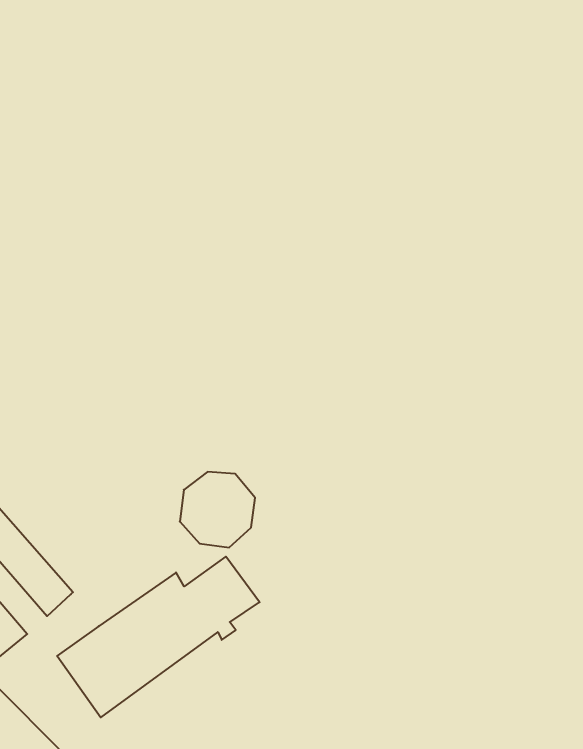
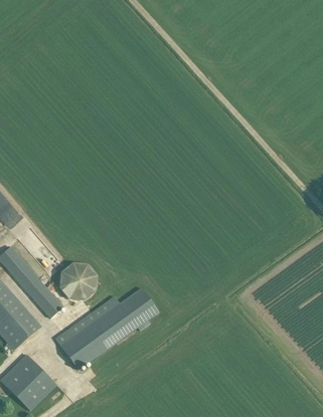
building: [180,472,255,547] -> [59,262,98,300]

